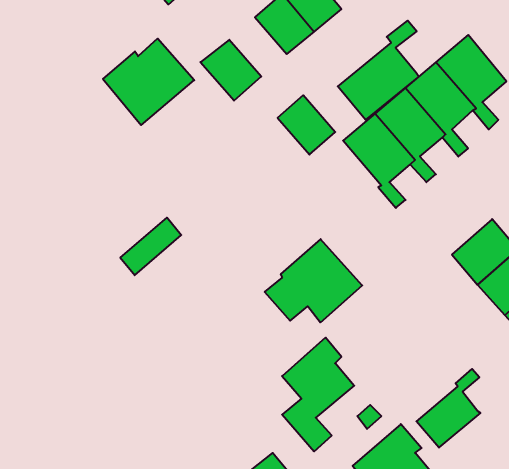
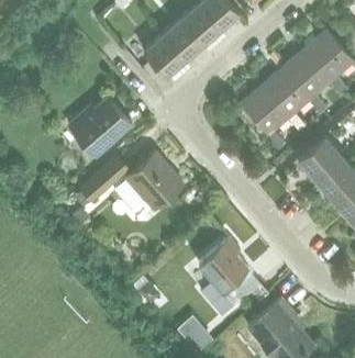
building: [338,21,419,120] -> none
building: [103,39,194,125] -> [69,97,132,156]
building: [278,95,335,155] -> [163,18,202,58]
building: none -> [297,135,343,180]
building: [265,239,362,322] -> [115,152,182,209]
building: [416,369,480,448] -> none

